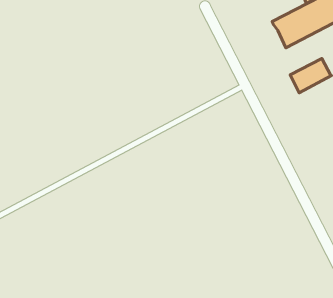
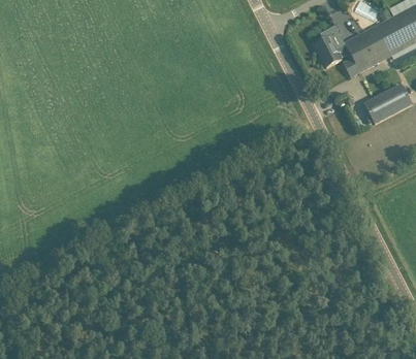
building: none -> [314,35,359,76]

